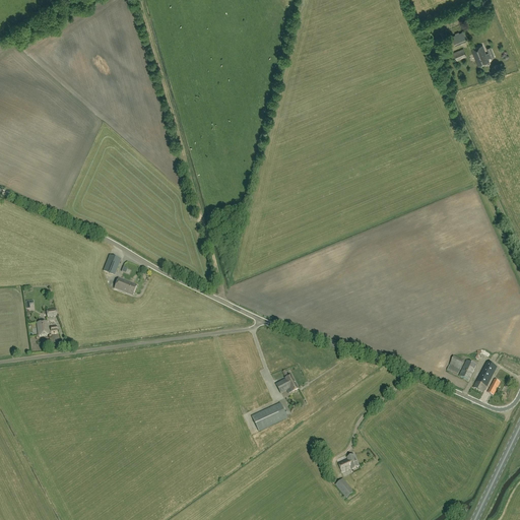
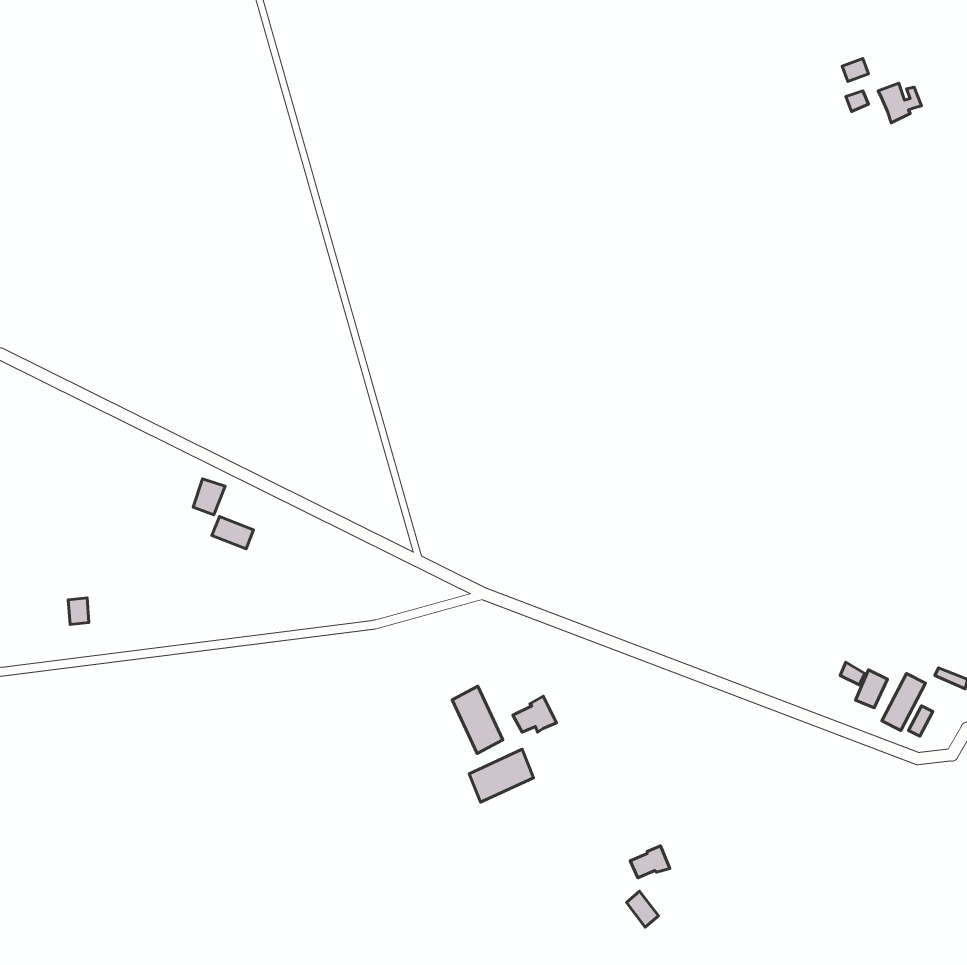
building: none -> [452,686,503,754]

